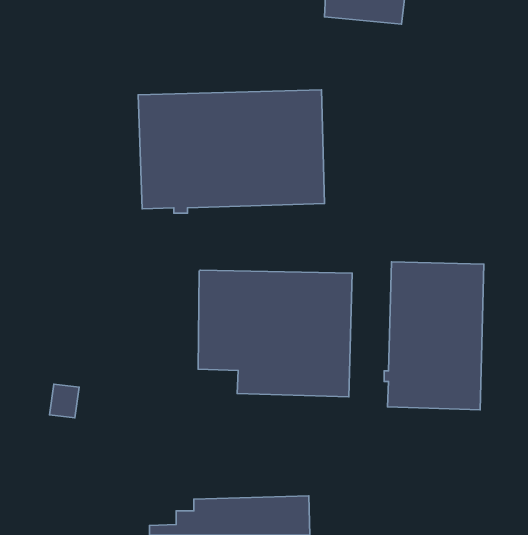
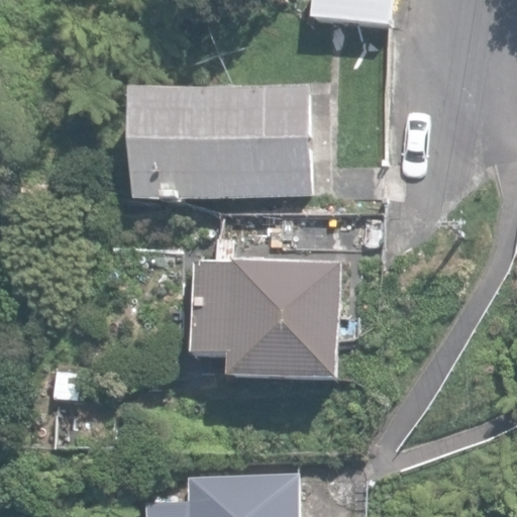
building: [384,262,484,410] -> none

